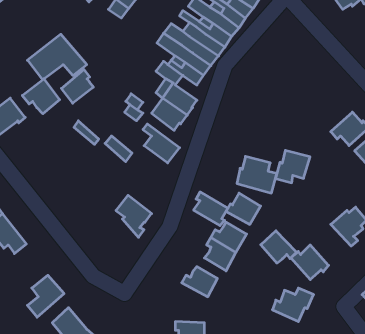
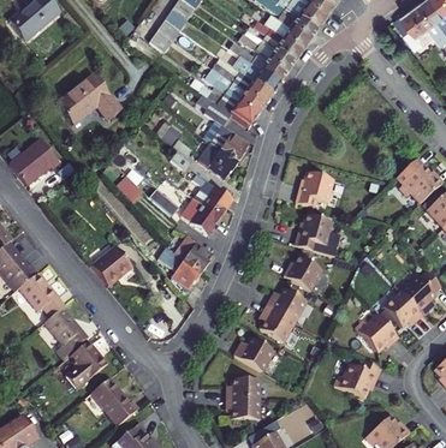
building: [61,70,93,103] -> none
building: [22,79,60,114] -> none
building: none -> [179,201,218,238]
building: [276,150,310,183] -> [295,169,333,205]
building: none -> [173,239,210,276]
building: none -> [90,250,130,288]
building: [194,192,228,226] -> none
building: [261,231,296,263] -> [382,288,422,324]
building: none -> [42,310,83,362]
building: none -> [226,377,258,398]

